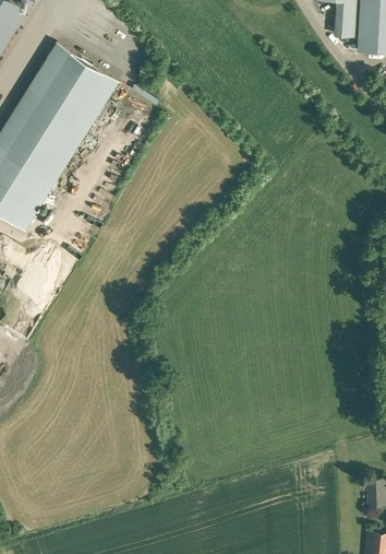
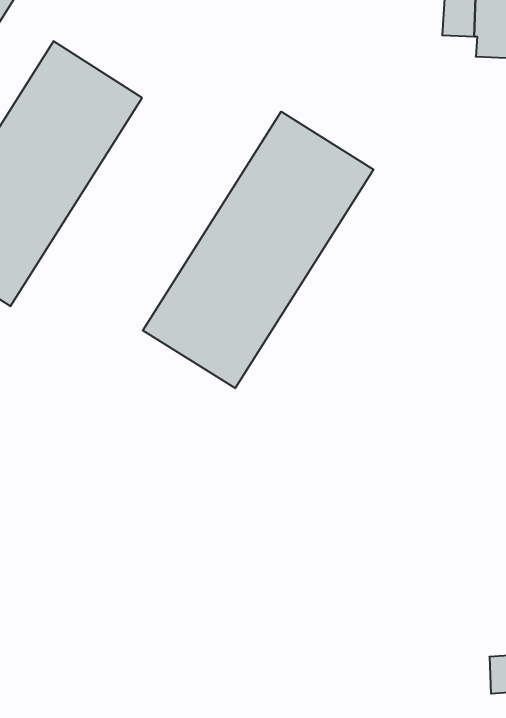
building: none -> [143,112,373,388]

